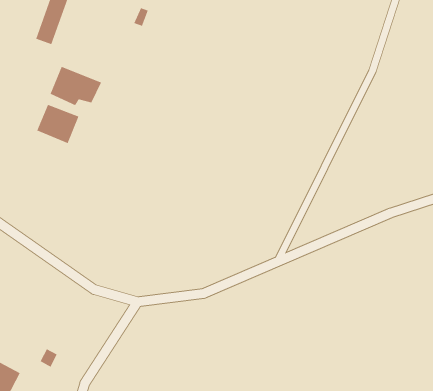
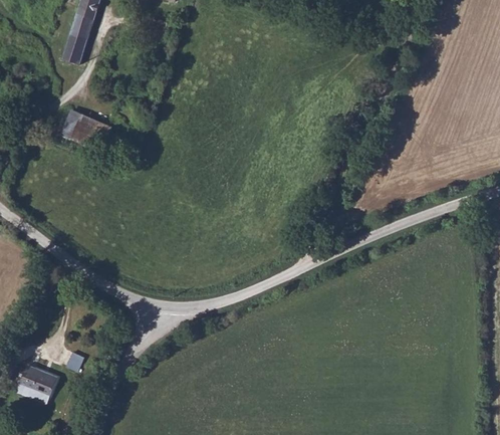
building: [50,66,102,106] -> none

